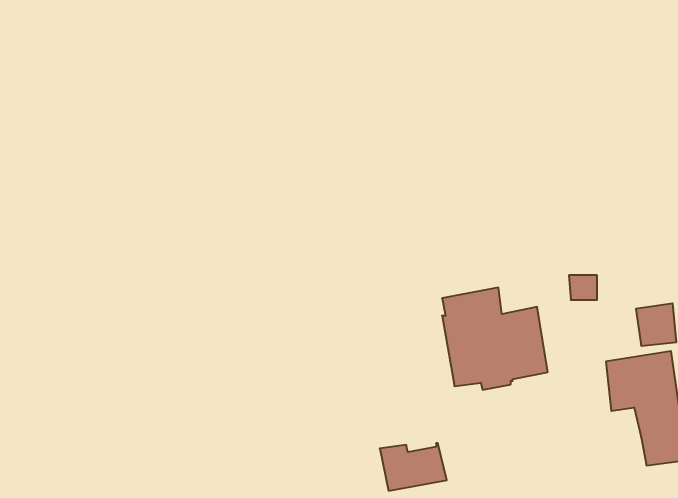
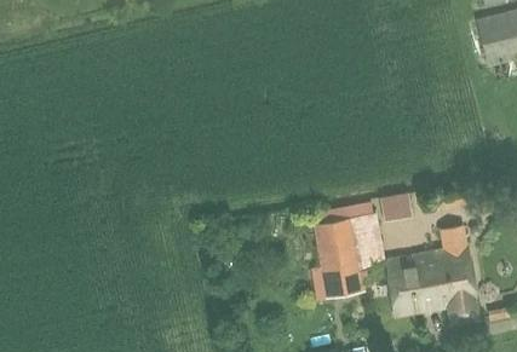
building: none -> [385,253,447,313]
building: [380,443,447,491] -> [318,266,364,299]

